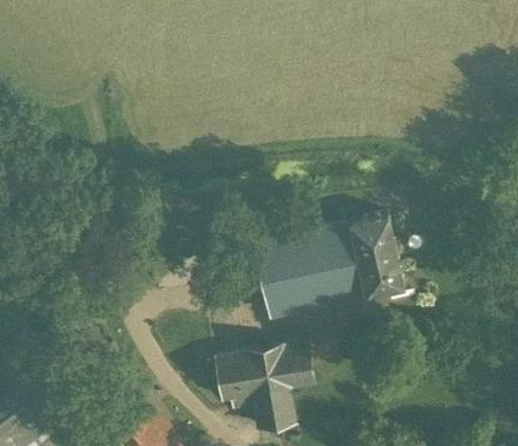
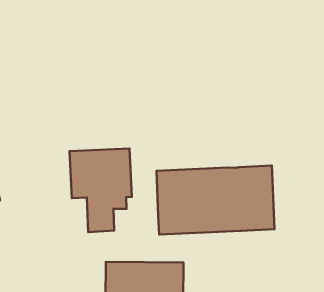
building: none -> [70,148,132,232]

